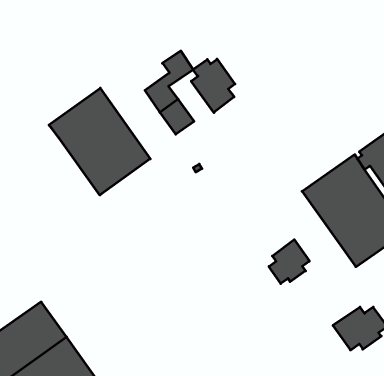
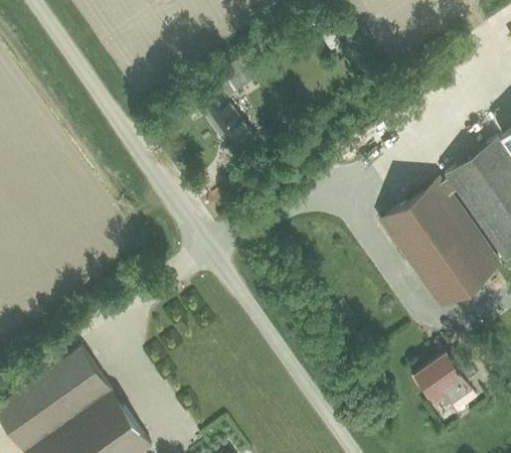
building: [191,59,235,113] -> none
building: [49,88,150,195] -> none
building: [269,240,309,284] -> none

